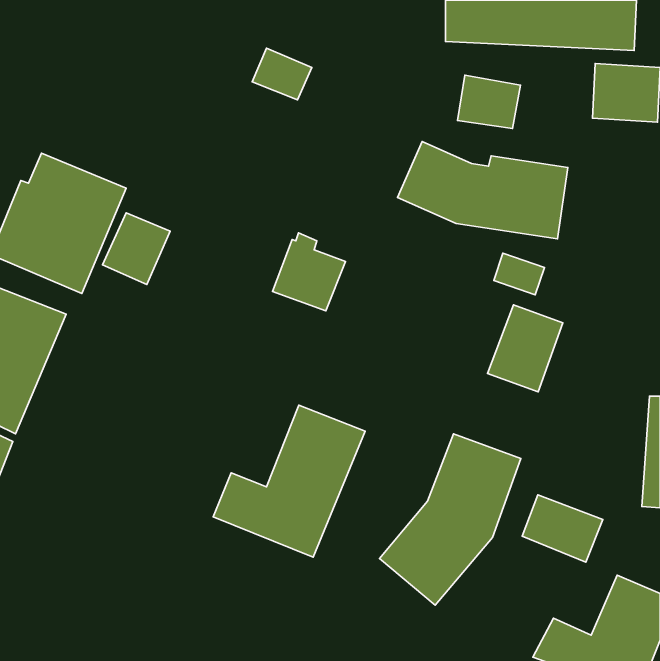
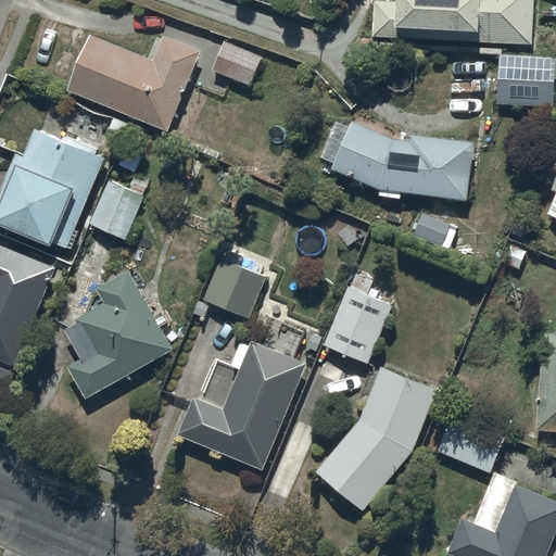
building: none -> [67,36,200,130]
building: [457,75,520,129] -> none
building: [273,233,345,311] -> [202,253,263,318]
building: [488,305,563,392] -> [324,288,387,361]
building: none -> [66,268,172,397]

